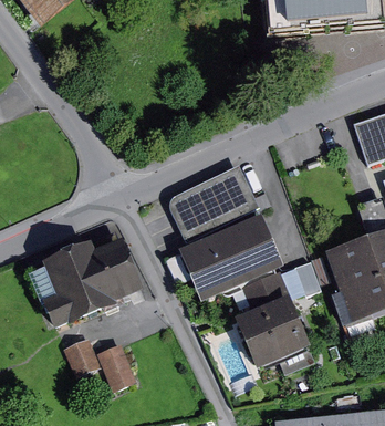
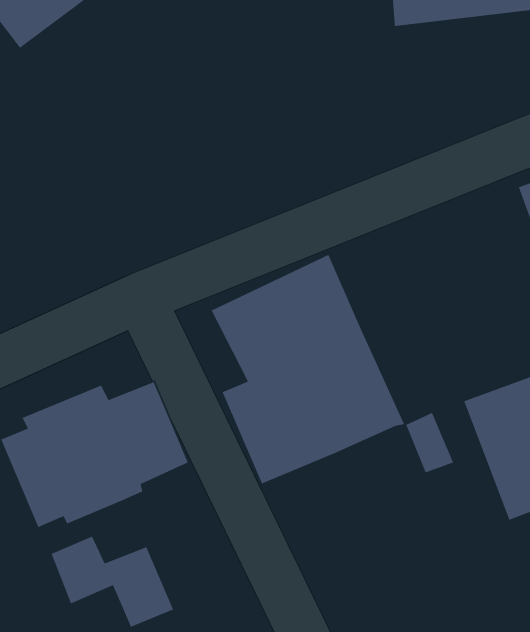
building: [228,270,303,371] -> none

